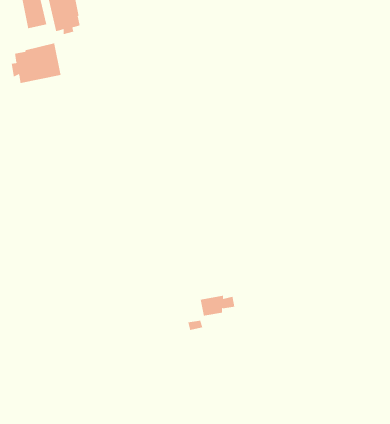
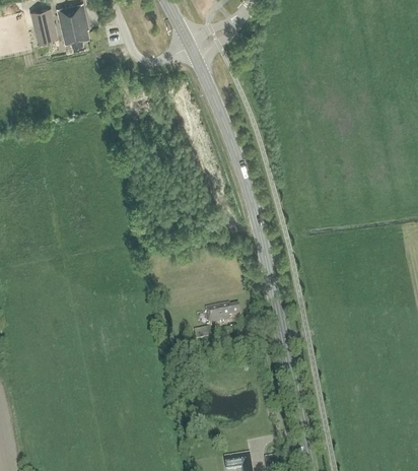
building: [11,42,61,84] -> none

